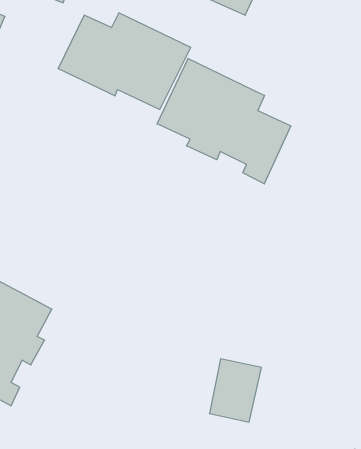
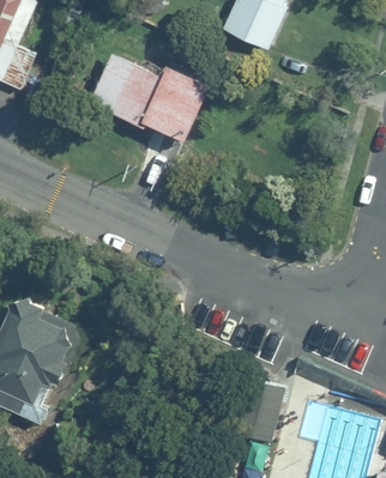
building: [157,58,291,184] -> none

